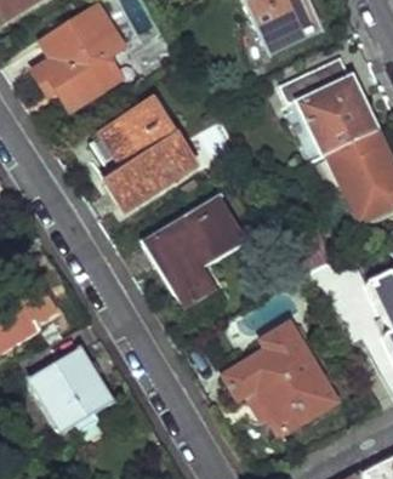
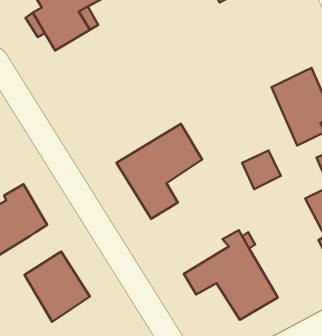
building: [278,53,375,153] -> none
building: [91,102,194,206] -> none

